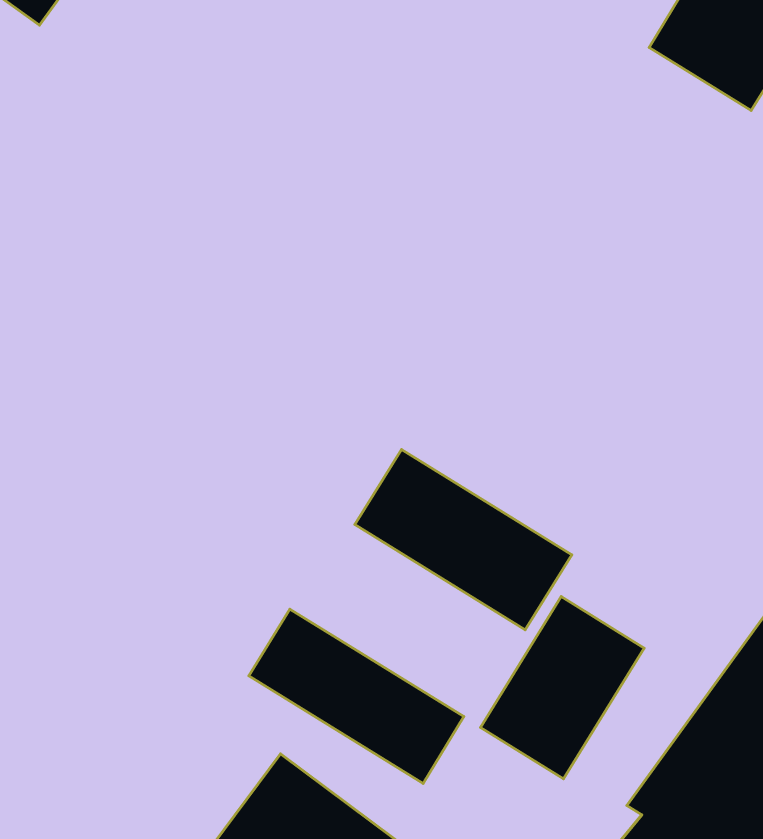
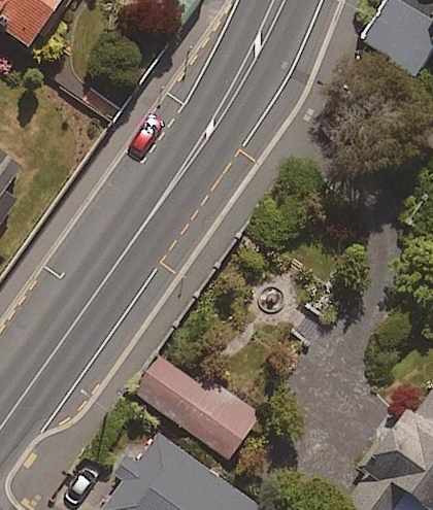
building: [355,450,572,630] -> none
building: [480,597,644,779] -> none

